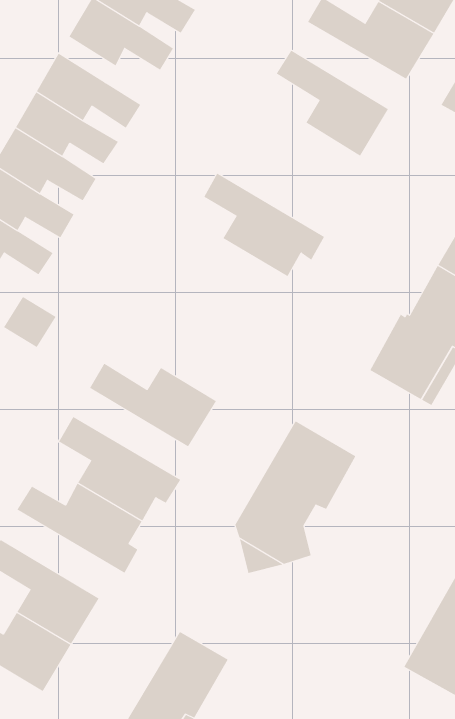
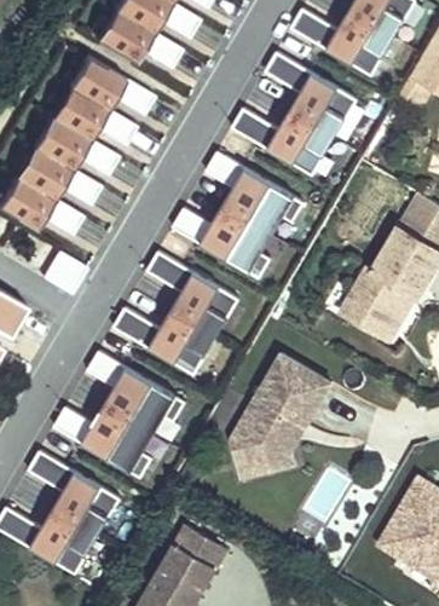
building: none -> [231,106,334,175]
building: none -> [172,204,275,278]
building: none -> [146,250,239,337]

